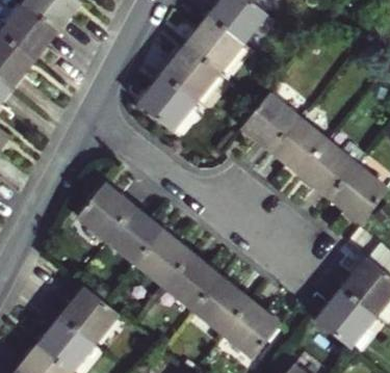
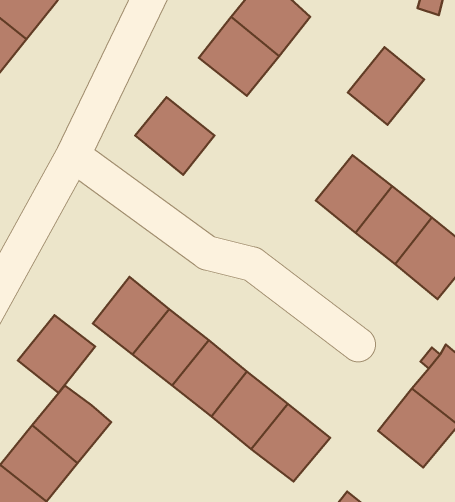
building: [160,45,219,102] -> none
building: [241,92,297,150] -> [348,47,424,125]
building: [76,183,133,240] -> [18,315,95,393]

